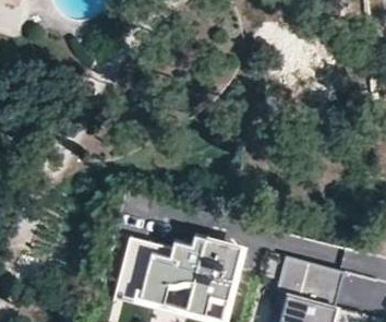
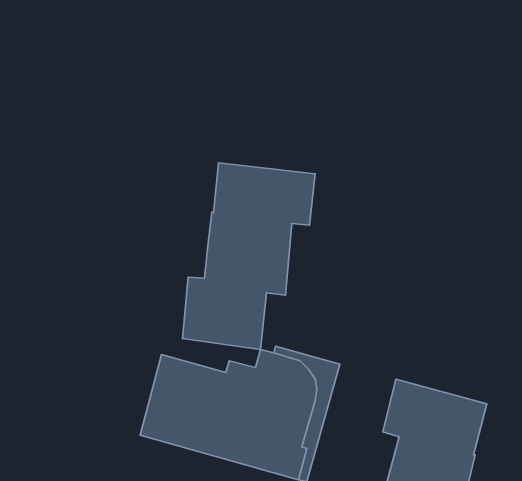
building: none -> [182,163,315,349]

